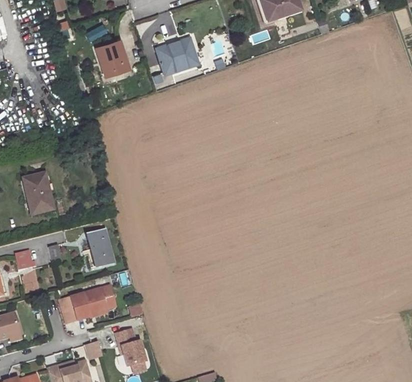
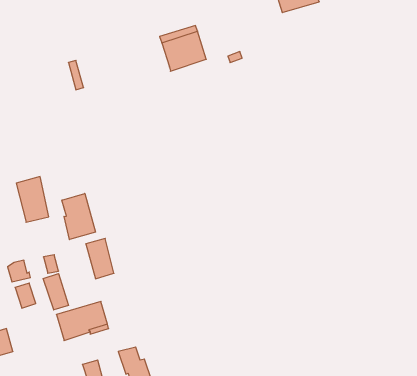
building: [96,40,129,75] -> none
building: none -> [62,193,96,240]
building: none -> [43,274,68,310]

